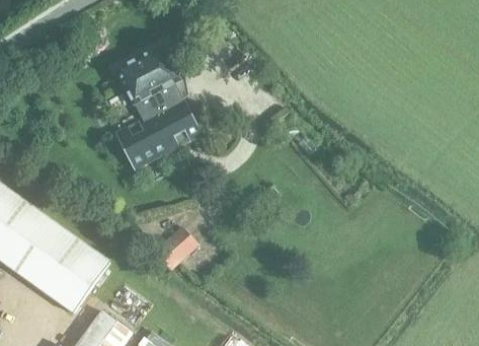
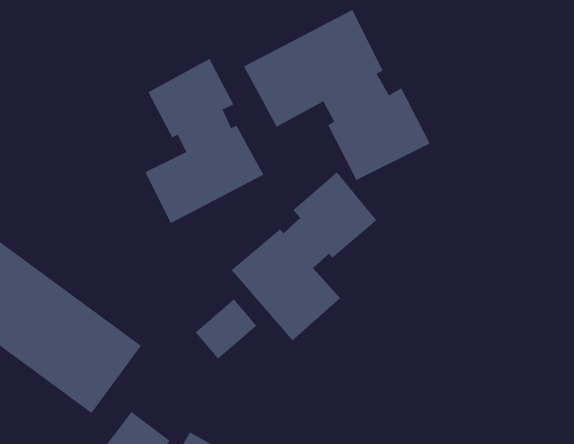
building: none -> [243,9,431,181]
building: none -> [231,172,377,341]

